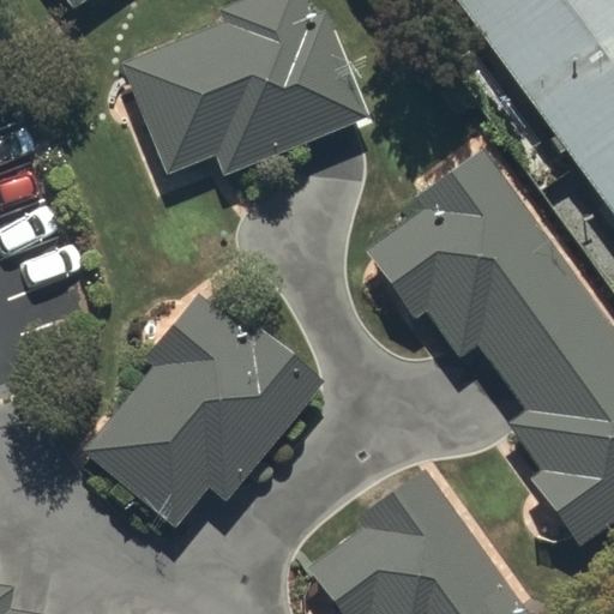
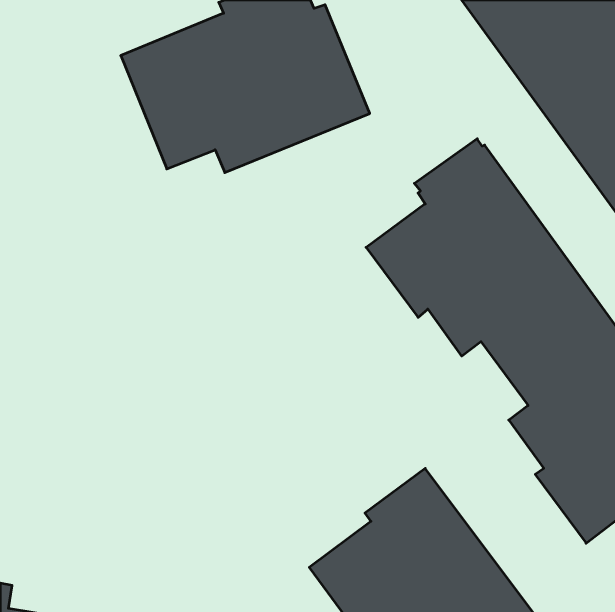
building: [83,293,324,526] -> none

